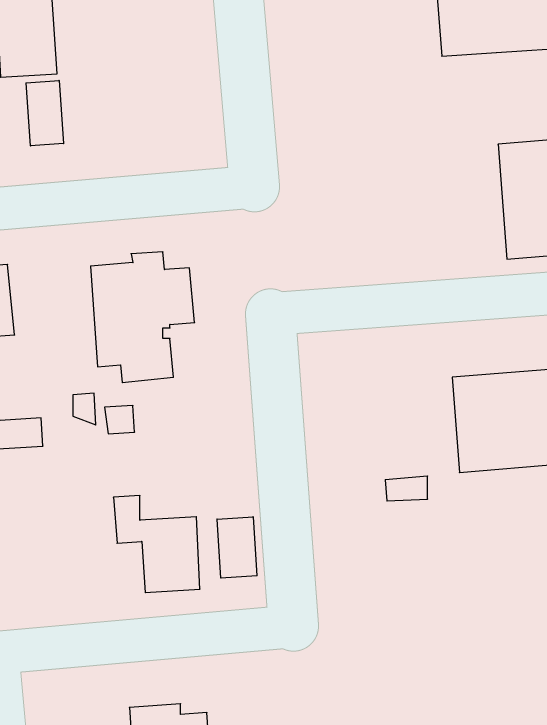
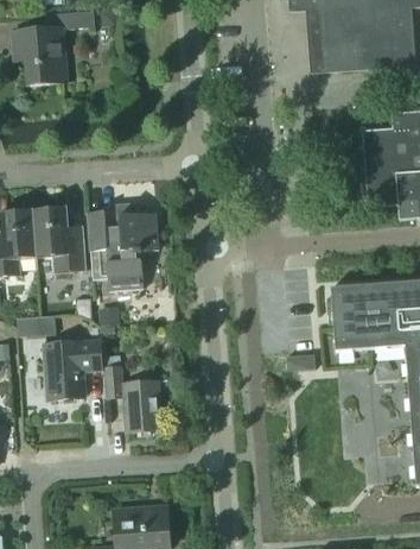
building: [26,80,64,146] -> none
building: none -> [32,207,84,272]
building: none -> [44,341,102,398]
building: [217,517,257,578] -> none

